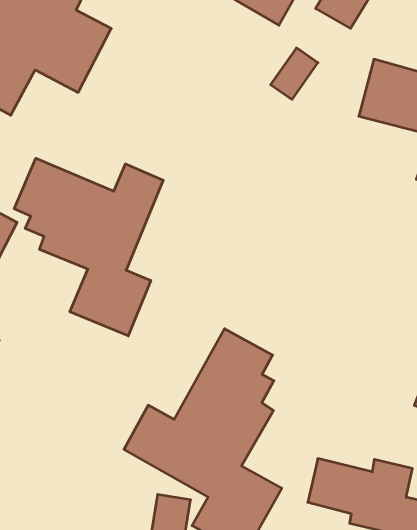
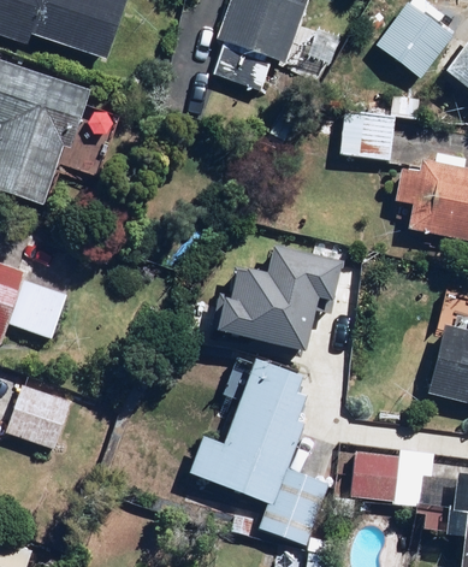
building: [14,158,163,336] -> none
building: none -> [213,246,342,350]

